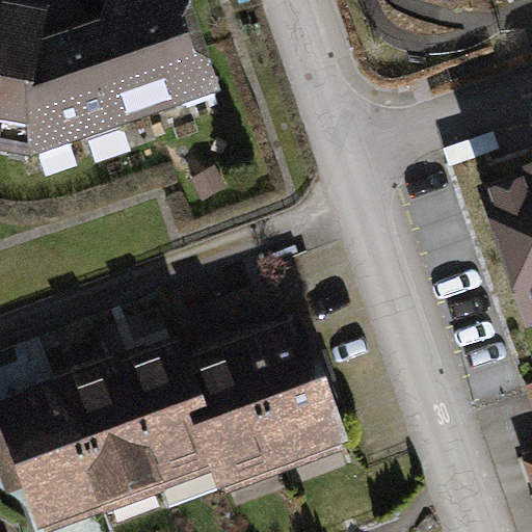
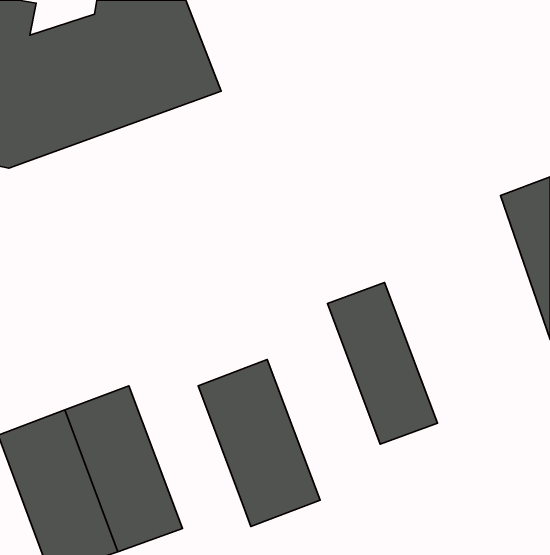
building: [252,326,356,479] -> [327,283,437,444]
building: [122,350,230,506] -> none

